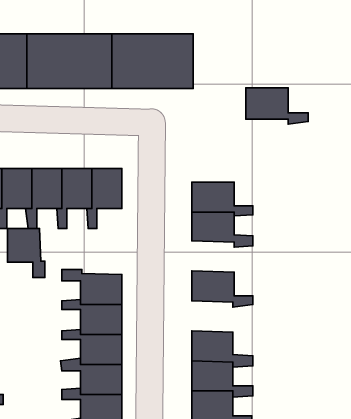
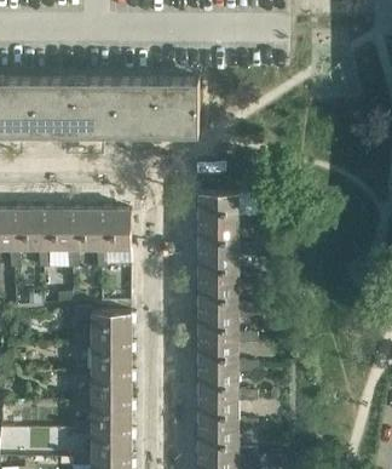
building: [246,88,308,124] -> [197,195,258,230]
building: [7,228,45,277] -> none
building: none -> [197,282,256,318]
building: none -> [197,341,256,374]

